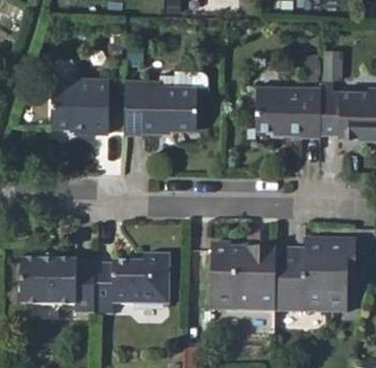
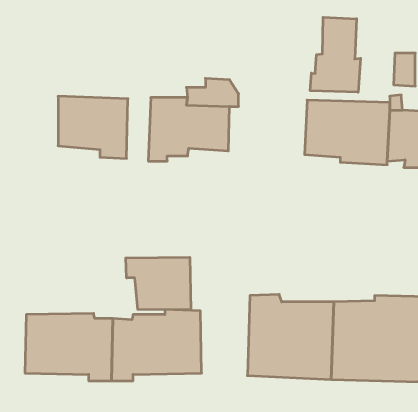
building: none -> [310,17,361,92]
building: none -> [126,257,191,310]

